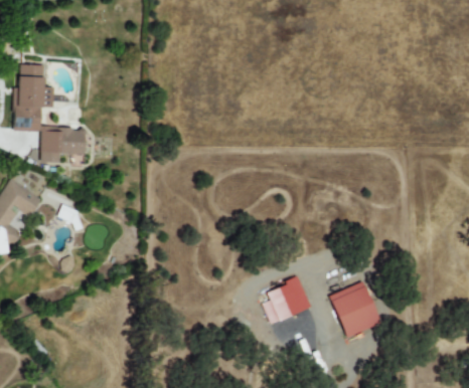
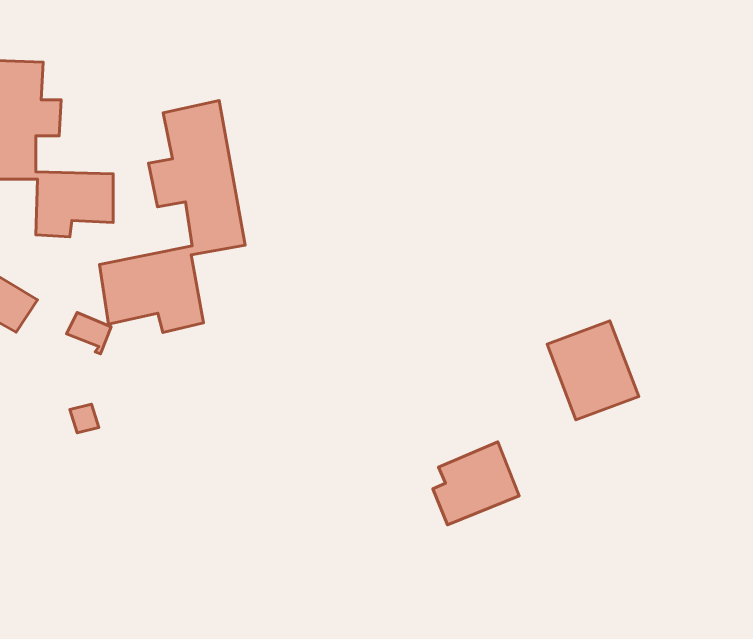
building: none -> [99,101,245,332]
building: [329,280,380,336] -> [547,321,639,420]

